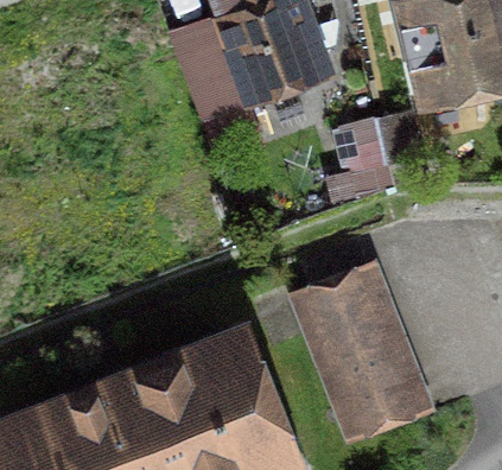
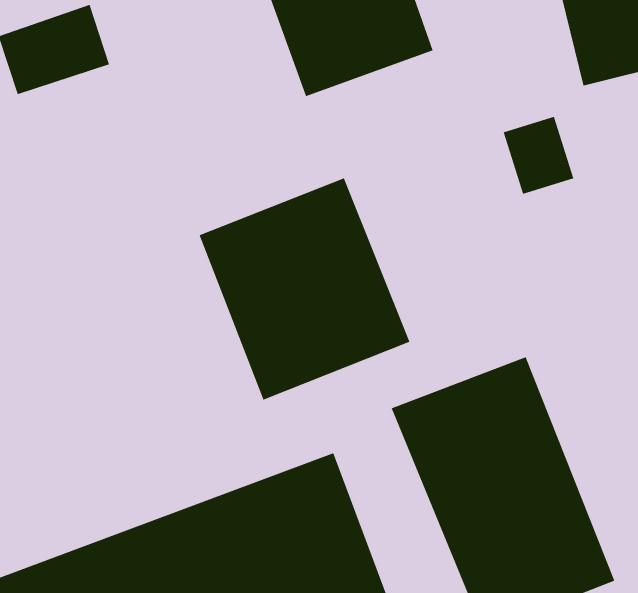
building: none -> [199,178,410,400]

